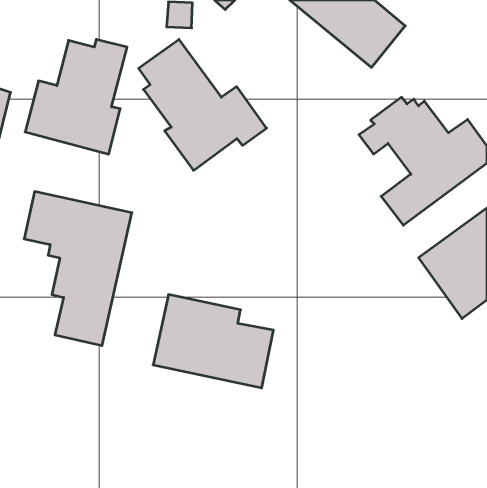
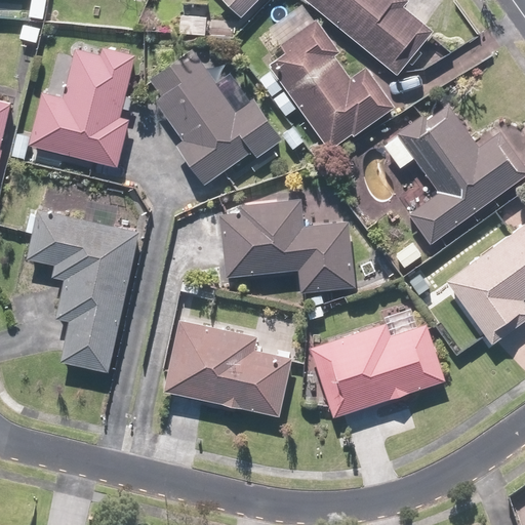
building: none -> [268,19,394,150]
building: none -> [221,204,353,291]
building: none -> [309,322,443,419]

